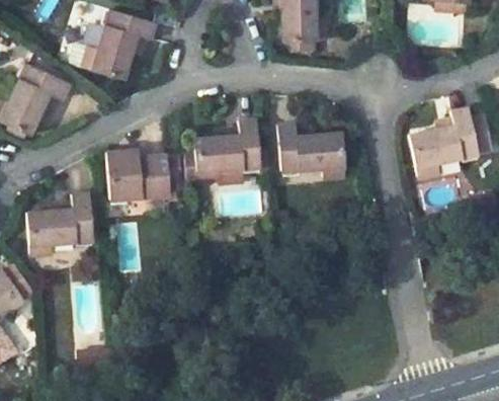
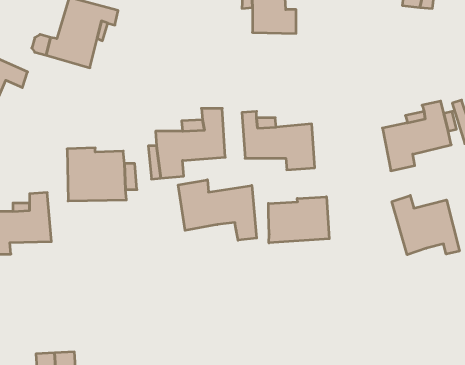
building: none -> [178,180,257,240]
building: none -> [392,195,459,255]
building: none -> [268,197,329,243]

